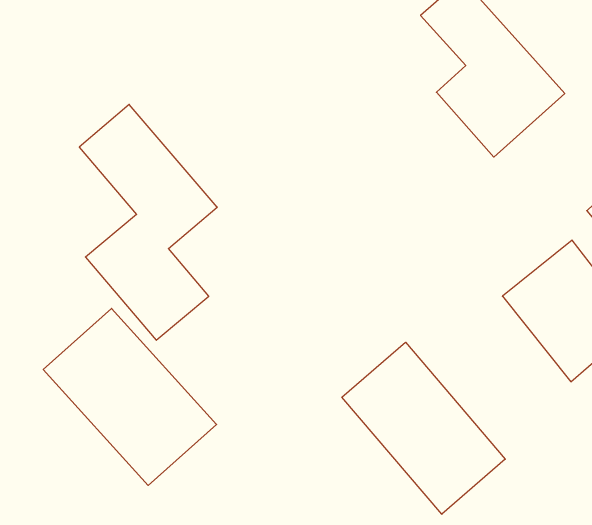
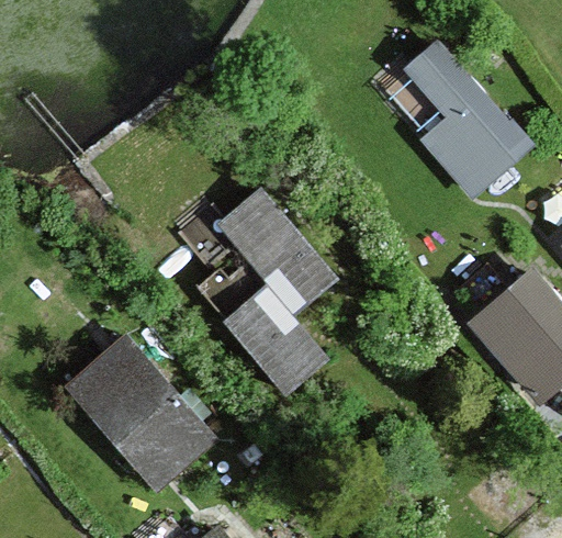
building: [79,104,217,340] -> [215,186,339,397]
building: [342,342,505,514] -> none

